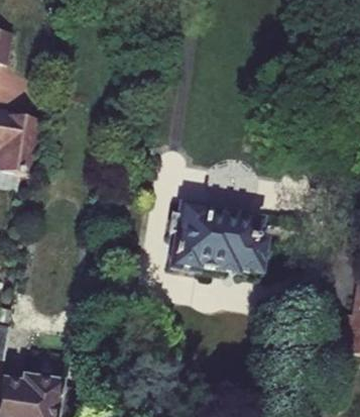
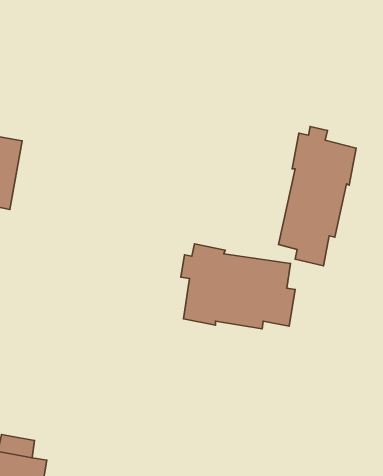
building: none -> [278,127,356,266]

